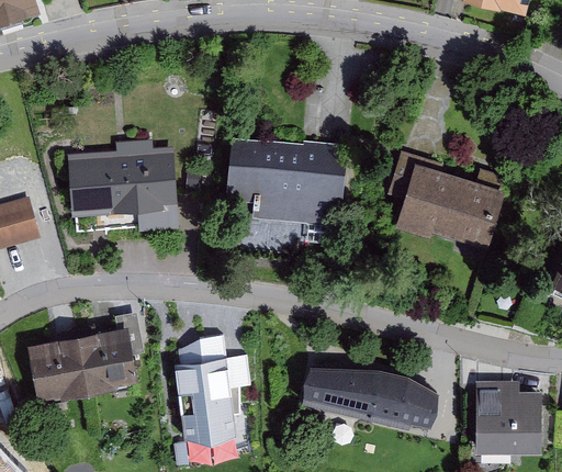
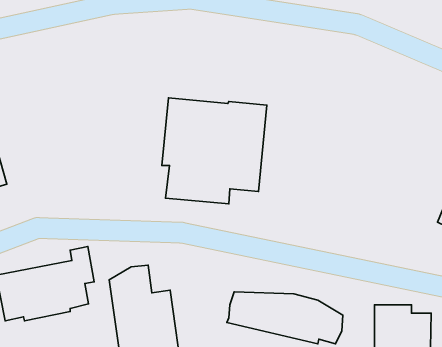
building: [67,139,178,233] -> none
building: [387,153,505,249] -> none

